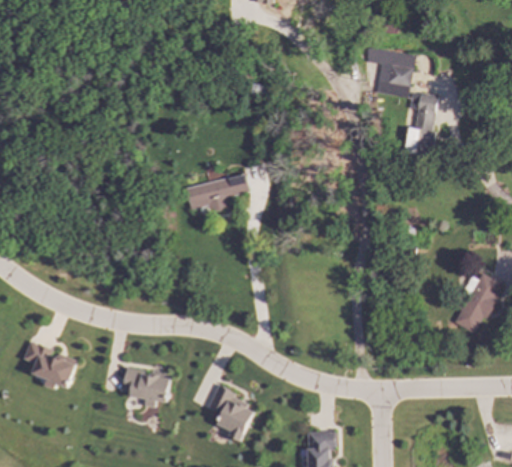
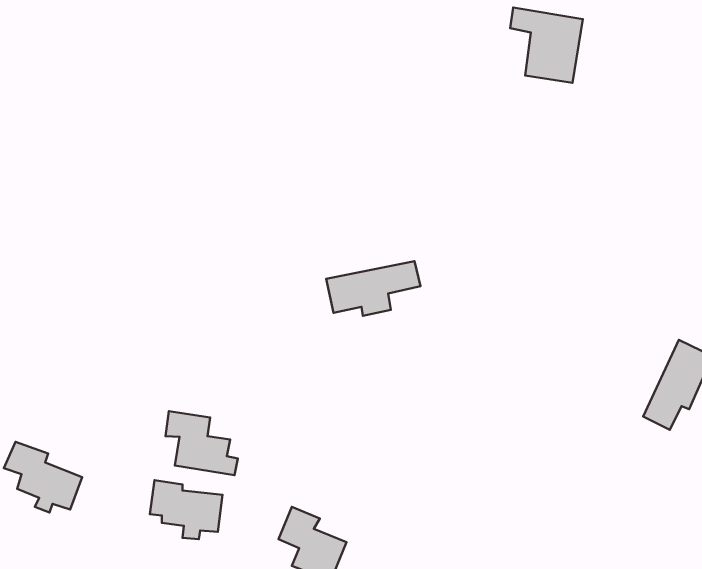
building: [404,92,438,157] -> none
building: [184,174,248,211] -> [326,261,421,316]
building: none -> [165,411,238,475]

